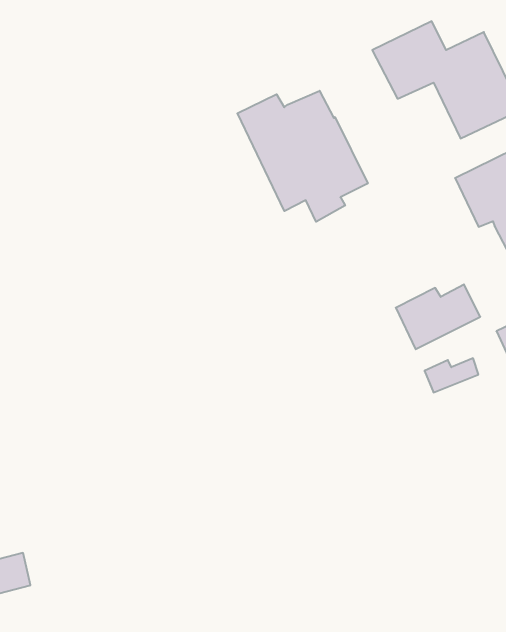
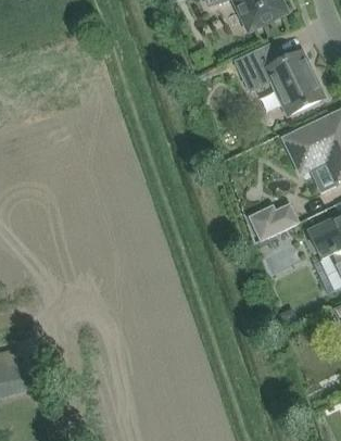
building: [237,91,368,222] -> none

